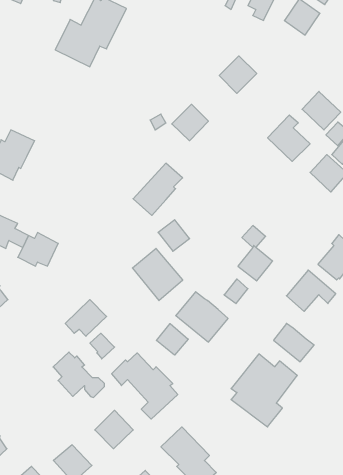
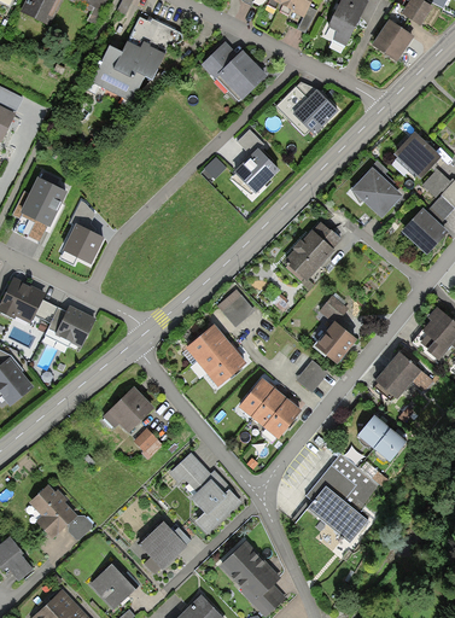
building: none -> [199,39,266,101]
building: none -> [63,200,104,264]
building: [133,163,183,215] -> [280,218,340,282]
building: [156,324,188,355] -> none
building: [53,352,104,397] -> [29,484,92,540]

